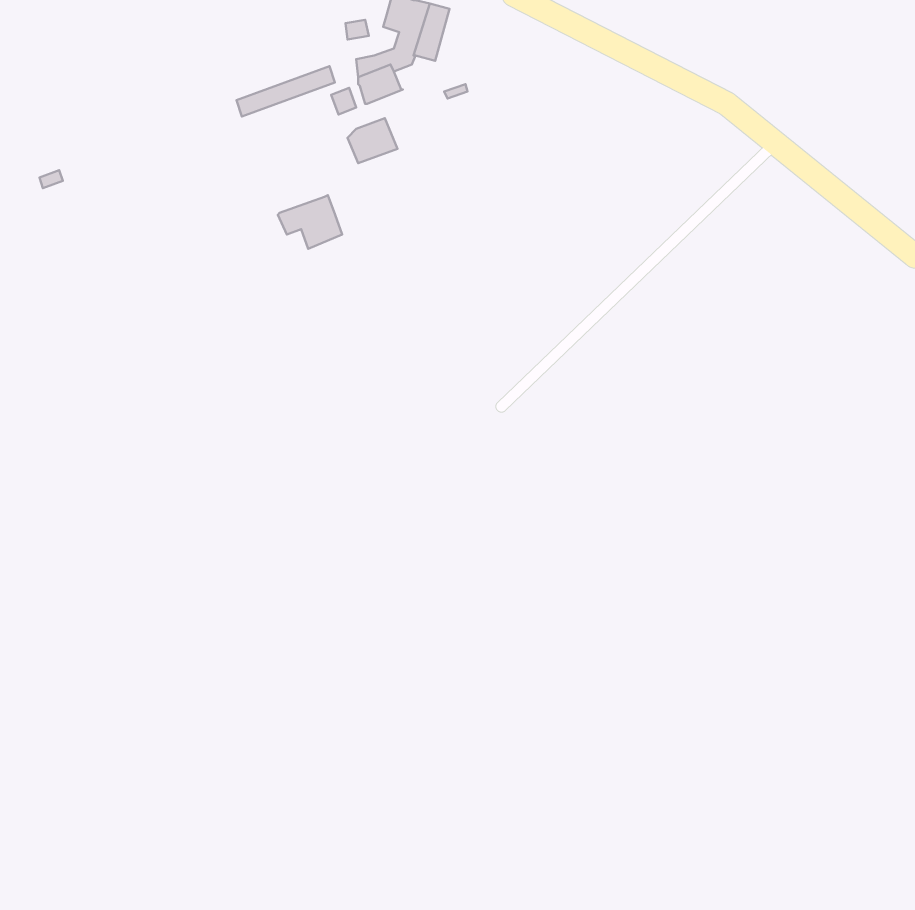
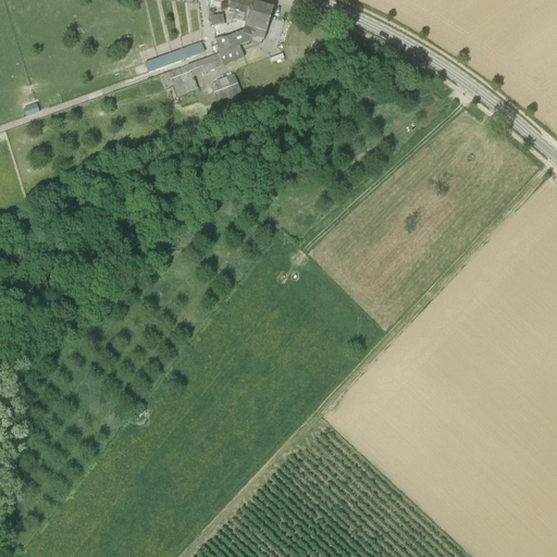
building: [278,195,342,249] -> [159,62,198,95]

